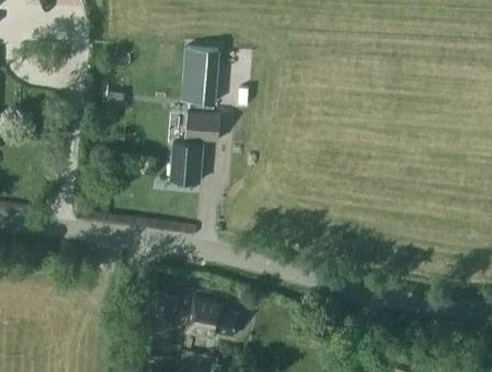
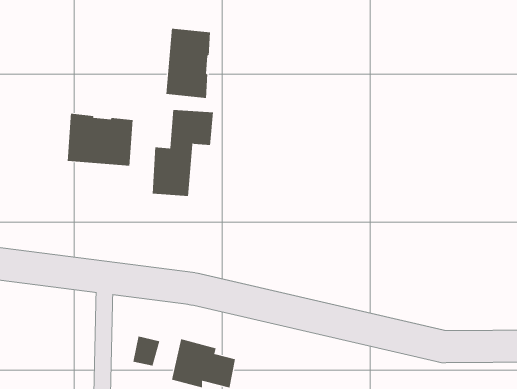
building: none -> [67,113,133,167]

